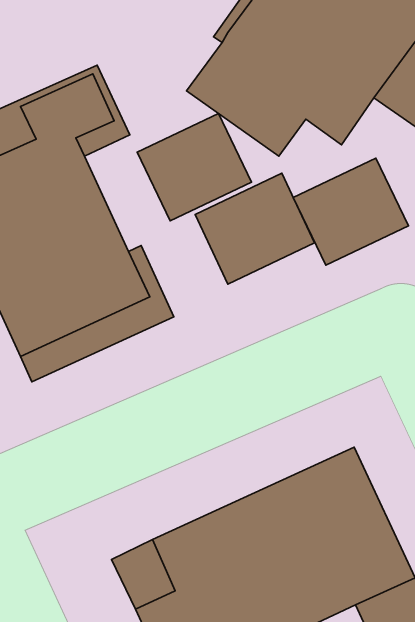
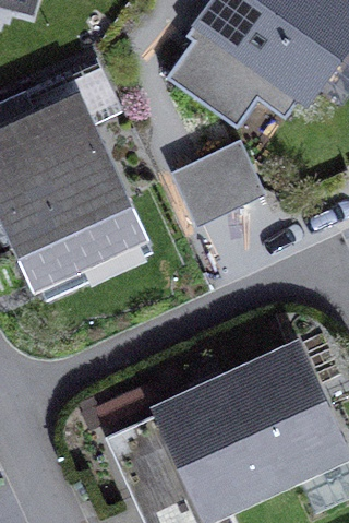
building: [137,113,252,221] -> none
building: [293,158,409,265] -> none

